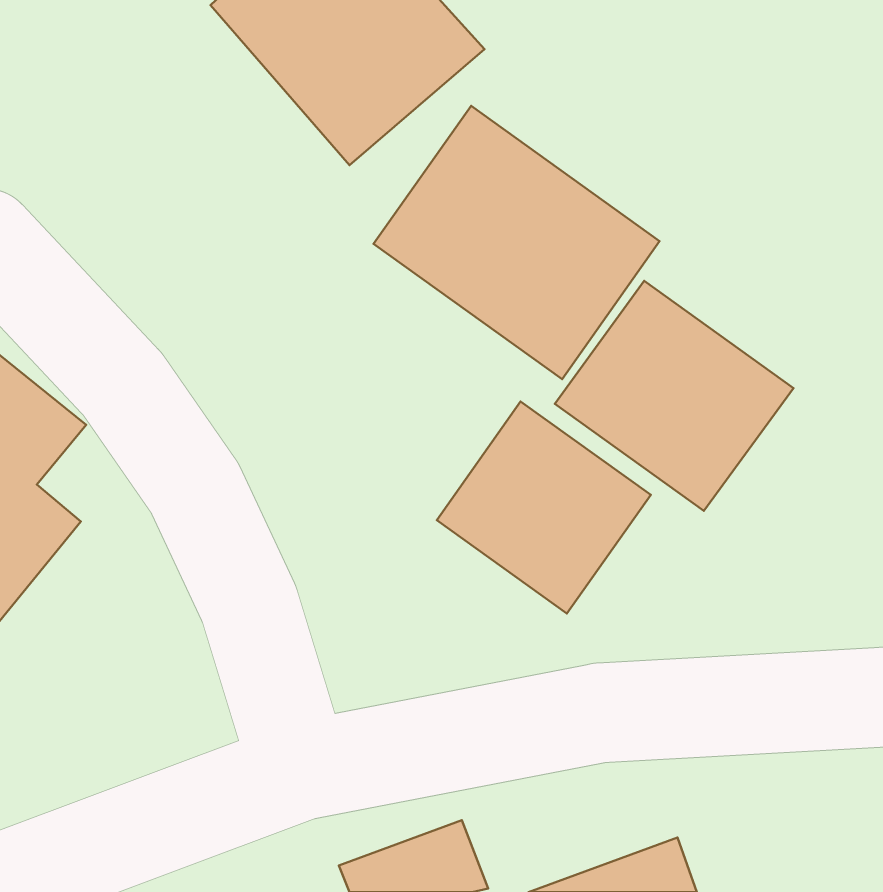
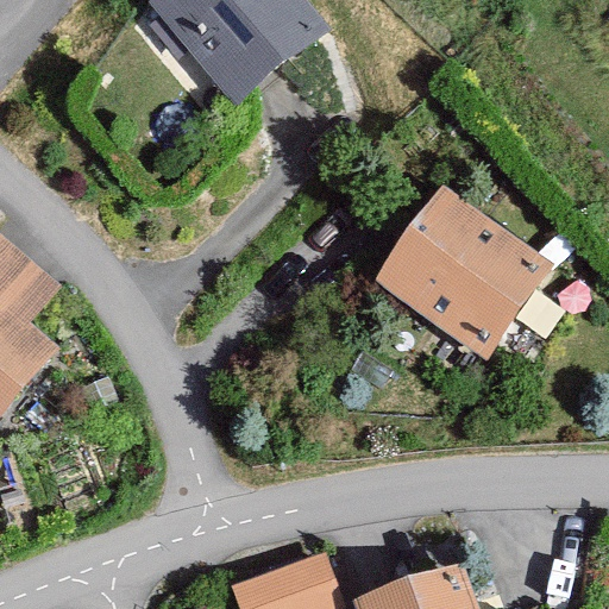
building: [374,106,660,379] -> none
building: [437,401,651,614] -> none

